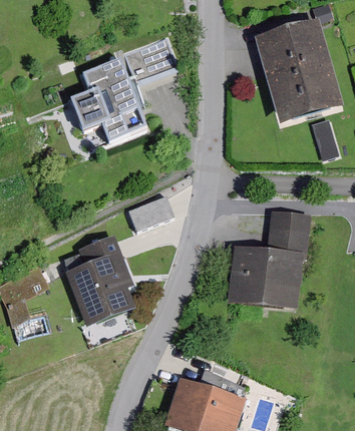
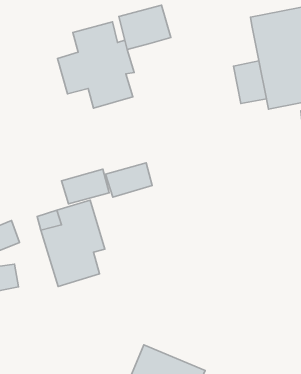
building: none -> [234,61,266,104]
building: none -> [62,169,109,204]
building: [229,209,311,311] -> none

